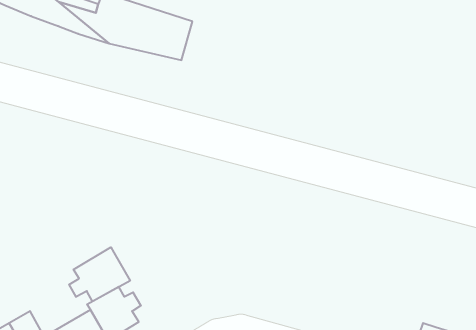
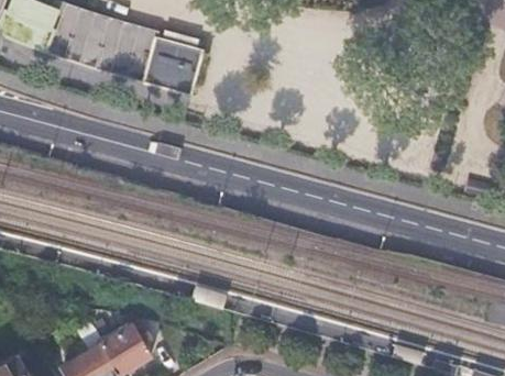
building: [69,247,130,301] -> none

